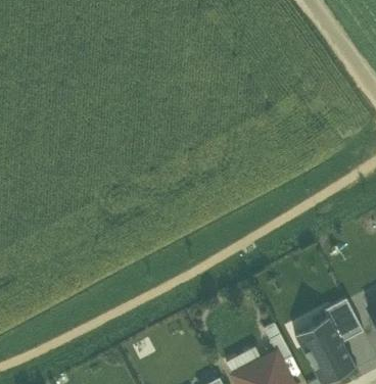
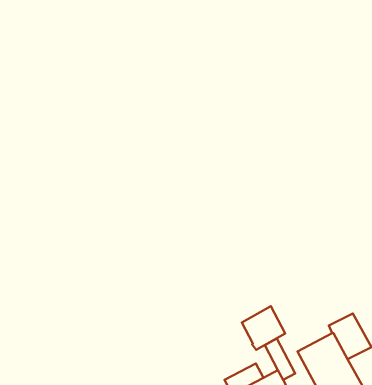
building: none -> [242,306,285,350]

